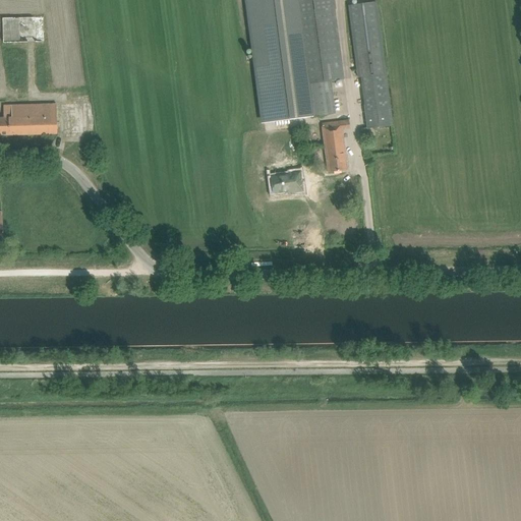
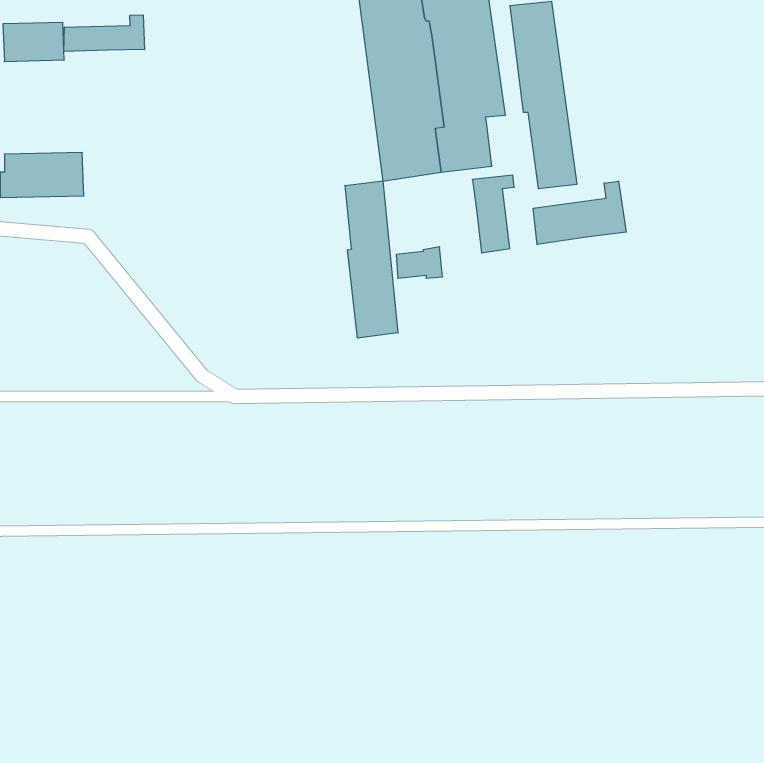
building: none -> [64,15,144,52]
building: none -> [345,181,398,338]
building: none -> [533,181,626,245]

